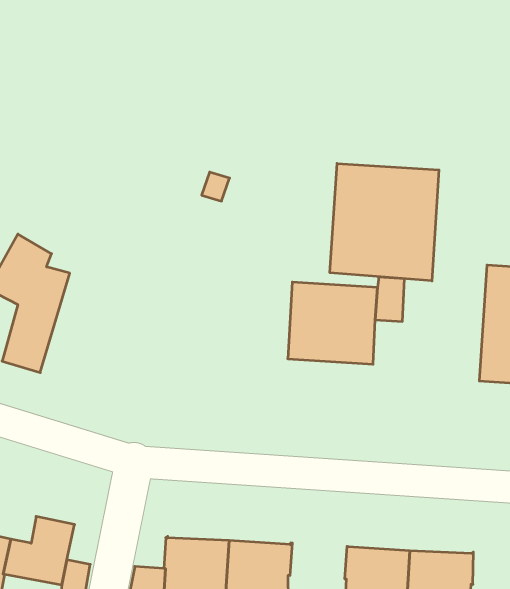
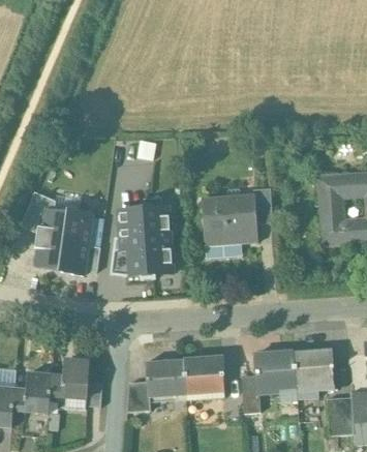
building: [330,163,439,281] -> none
building: none -> [58,210,100,276]
building: none -> [110,206,175,277]

